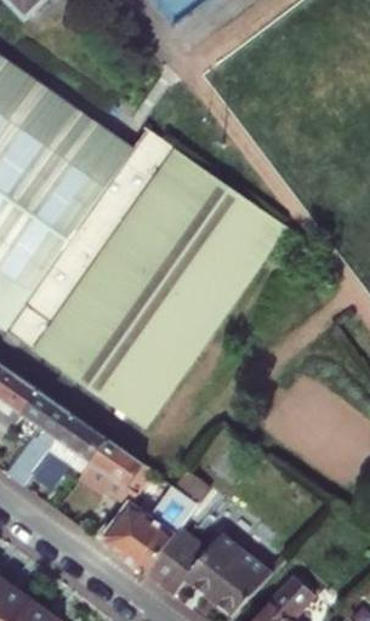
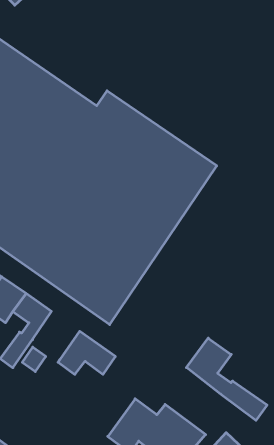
building: [46,412,107,474] -> none
building: none -> [186,338,267,420]
building: [102,486,197,574] -> none

